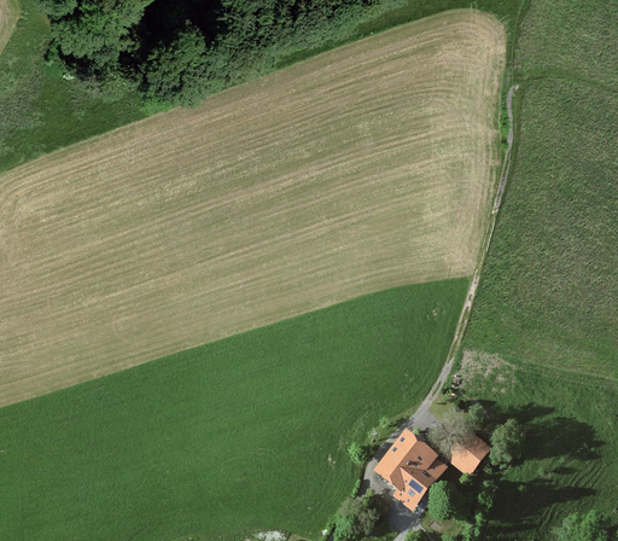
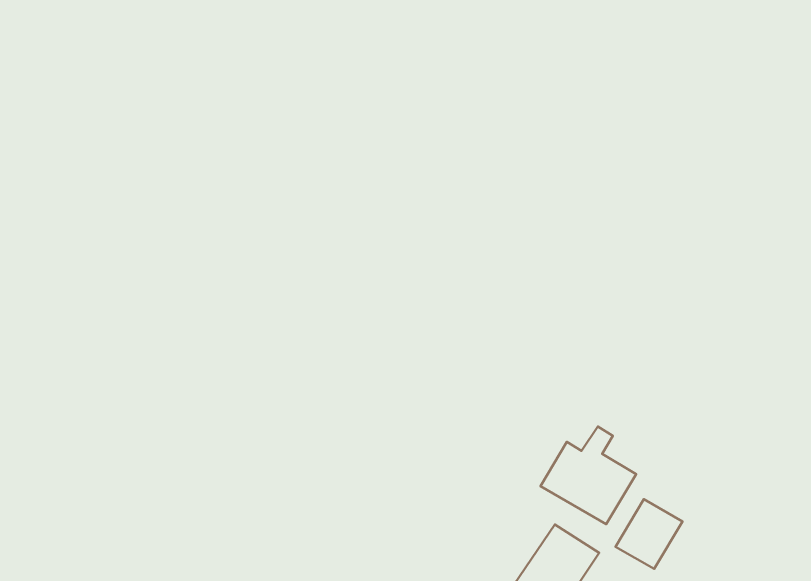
building: none -> [540,427,636,524]

